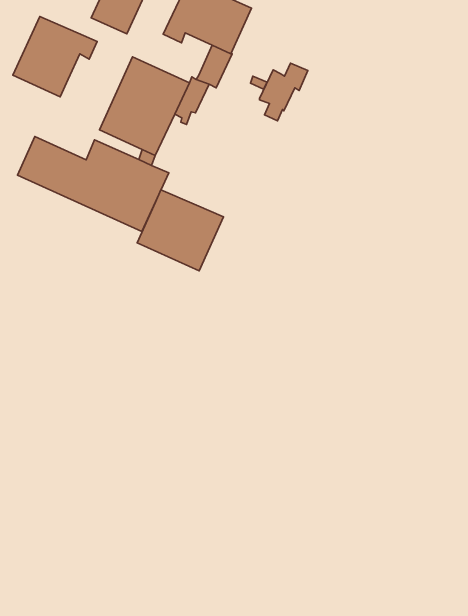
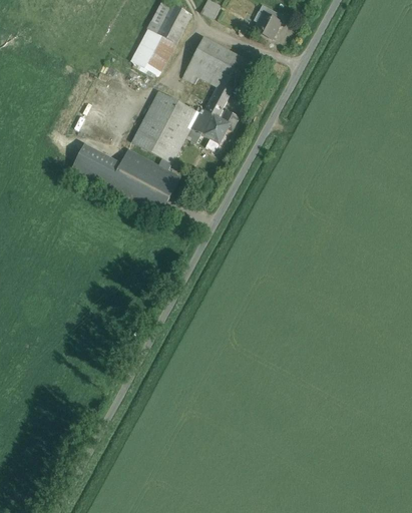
building: [13,17,97,97] -> none
building: [260,63,308,121] -> [202,109,239,150]
building: [137,190,224,271] -> none

